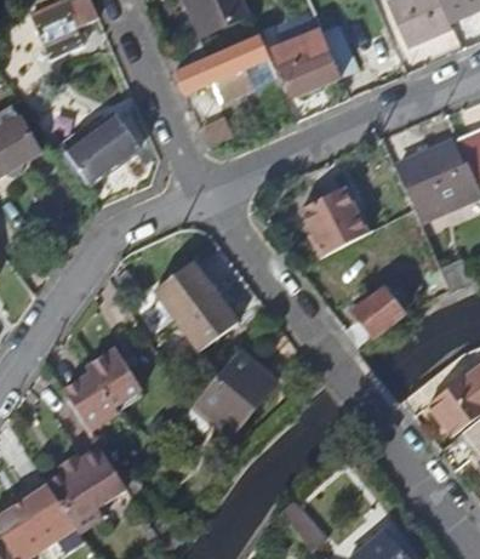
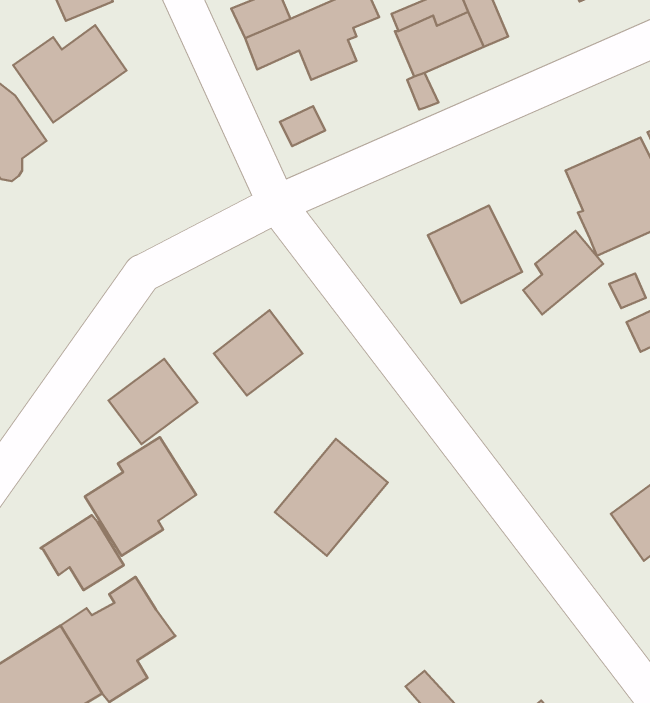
building: [62,115,141,183] -> [13,25,126,123]
building: [347,289,402,347] -> [523,231,603,314]
building: [177,291,239,350] -> [109,359,197,444]
building: none -> [40,515,124,590]

